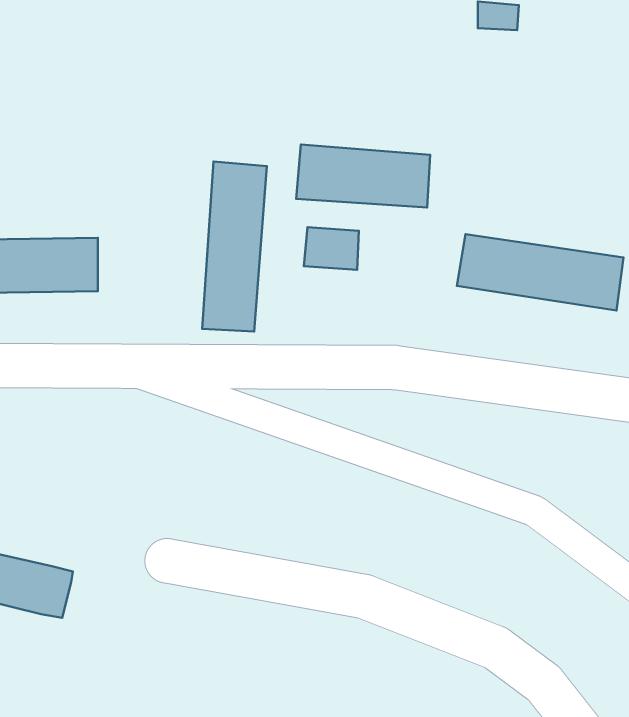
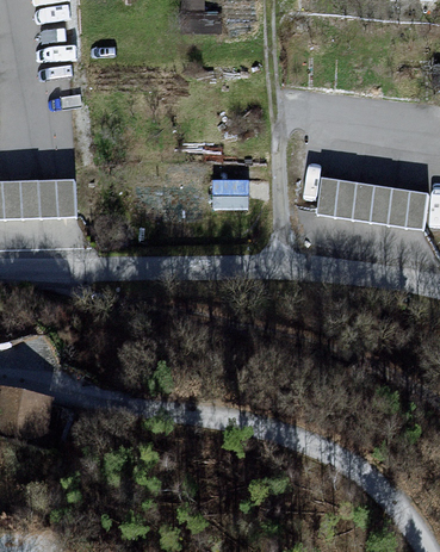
building: [296,145,430,208] -> none
building: [202,161,267,331] -> none

